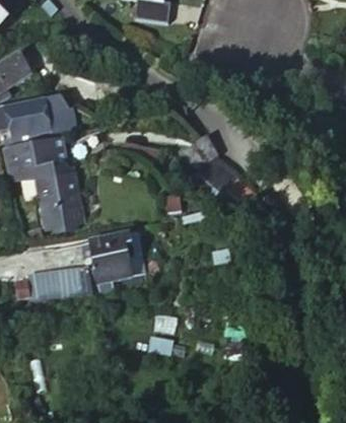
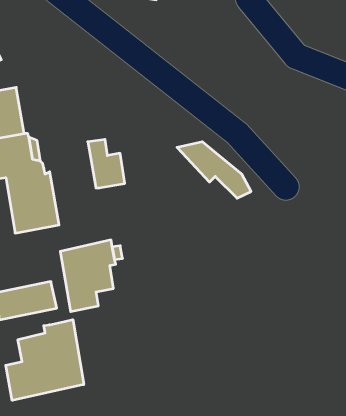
building: [45,96,77,139] -> [88,139,125,188]
building: none -> [6,320,84,400]

